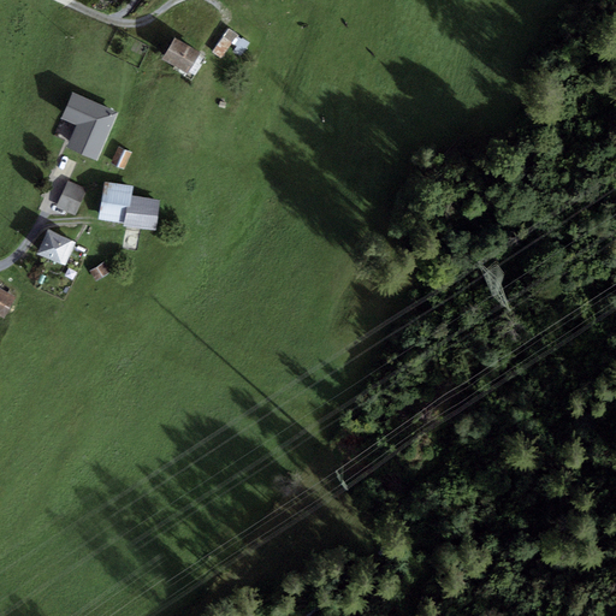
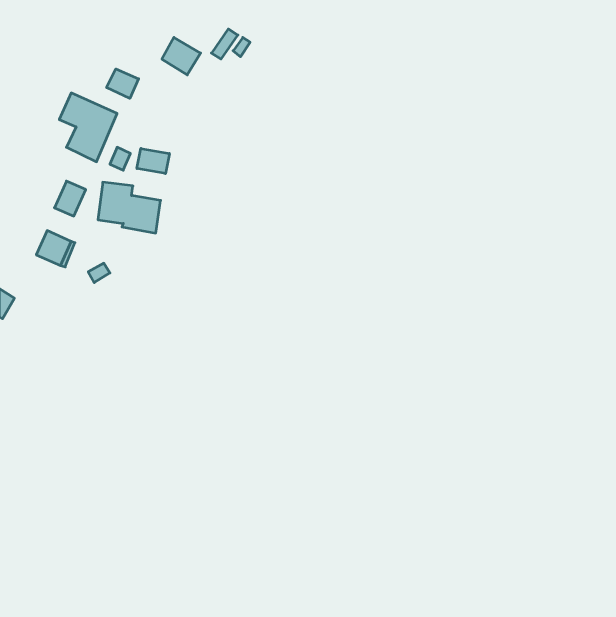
building: none -> [107,69,139,98]
building: none -> [137,148,169,174]

